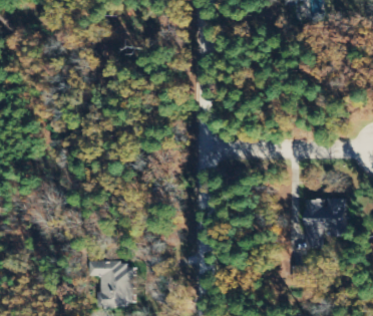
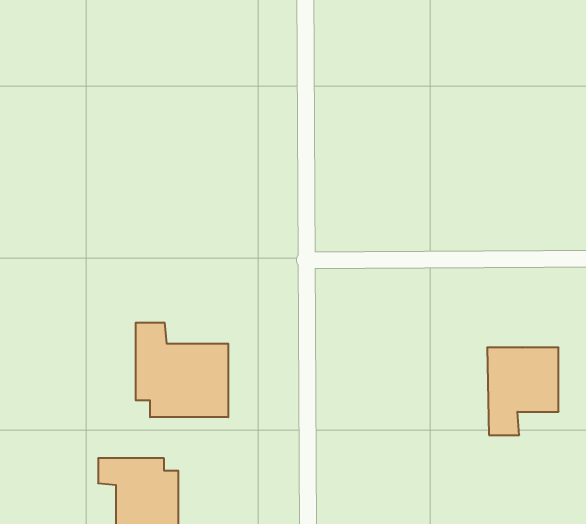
building: none -> [136,323,228,417]

